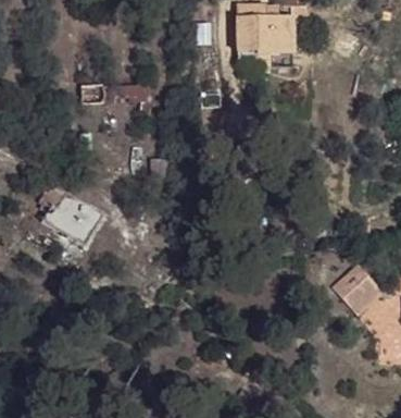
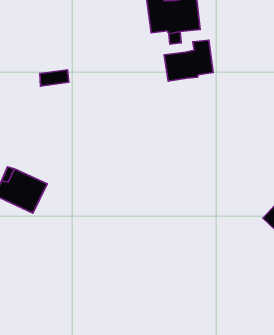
building: none -> [164,40,213,81]

